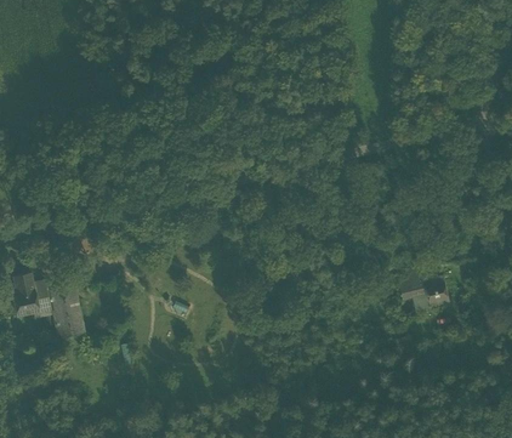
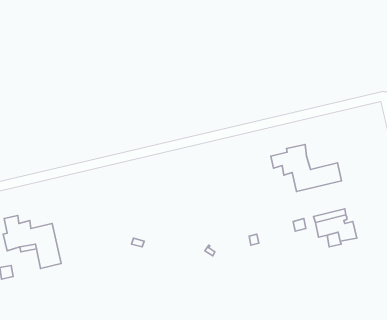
building: none -> [271,144,341,191]

